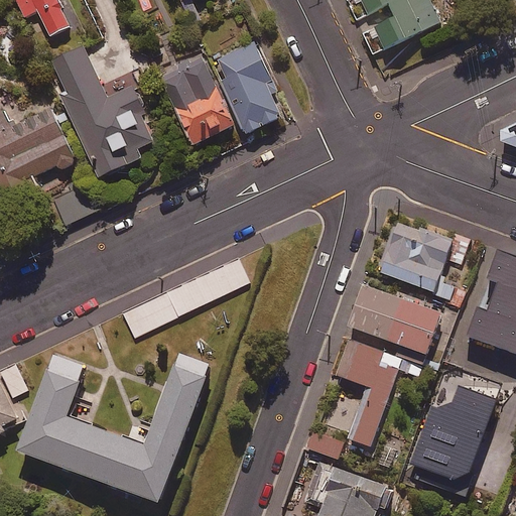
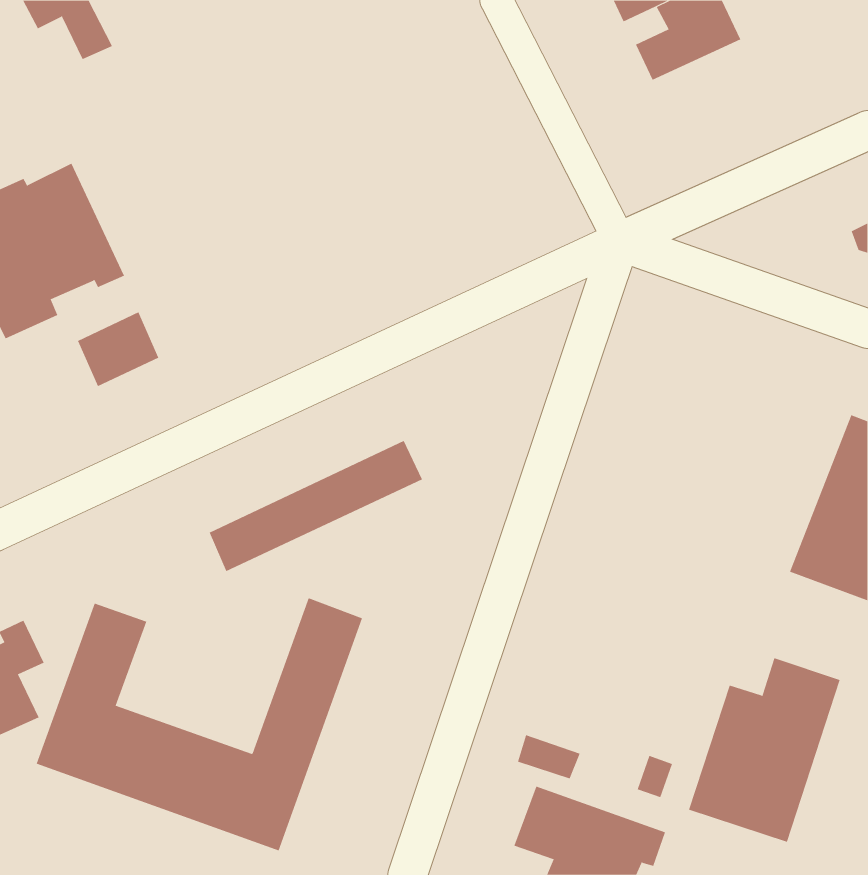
building: [216,43,280,134] -> none
building: [50,47,152,177] -> none
building: [156,52,233,145] -> none
building: [378,223,470,310] -> none
building: [348,286,439,355] -> none
building: [335,341,418,446] -> none

